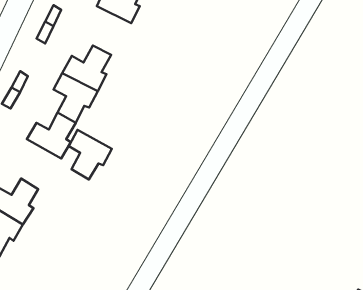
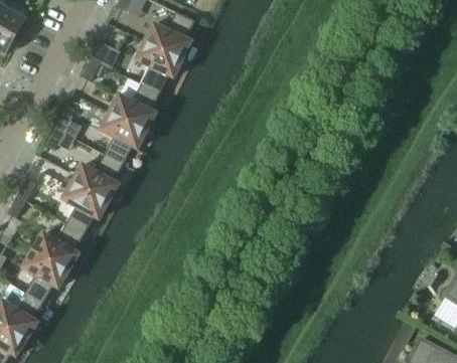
building: none -> [137,41,182,93]
building: [69,130,112,180] -> [63,181,109,233]

